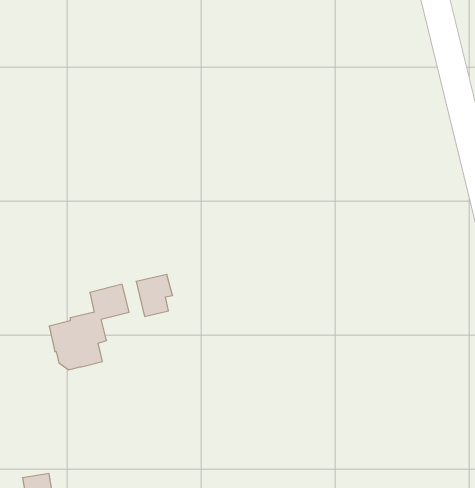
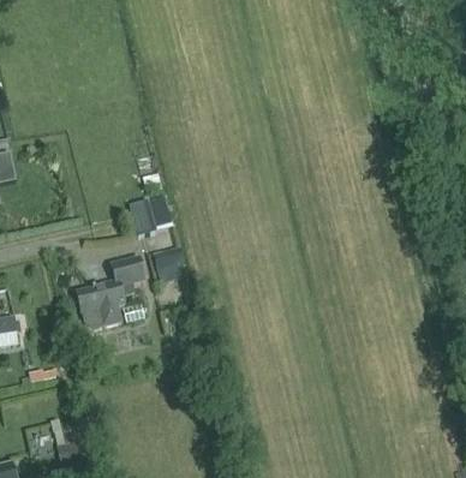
building: none -> [127,196,172,235]

